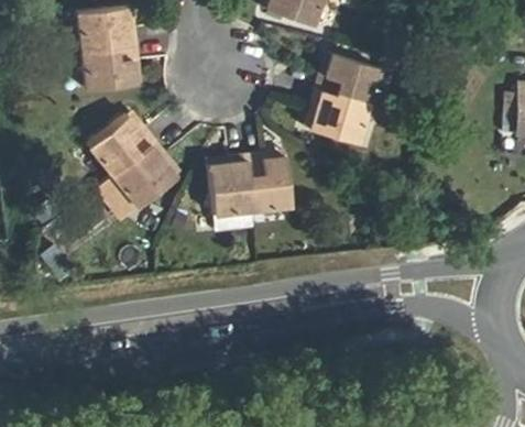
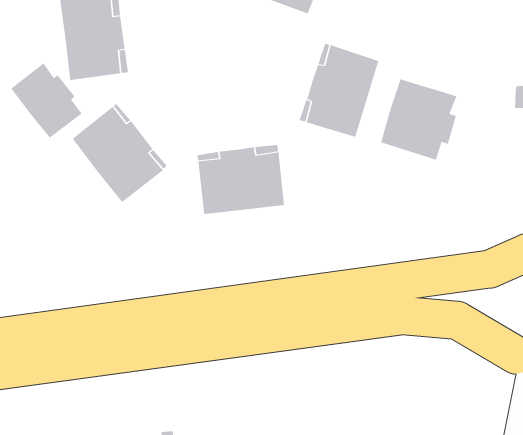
building: none -> [11,62,82,139]
building: none -> [381,79,457,160]

